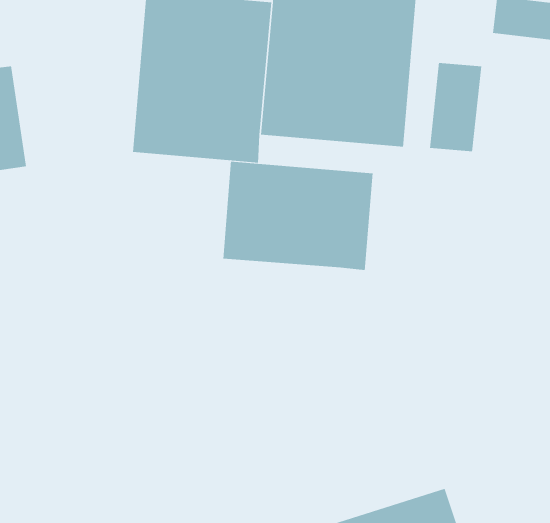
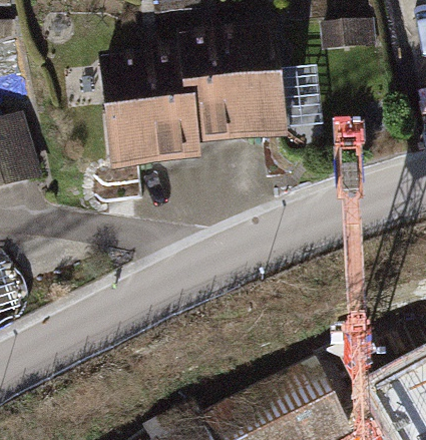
building: [223,161,373,271] -> none

